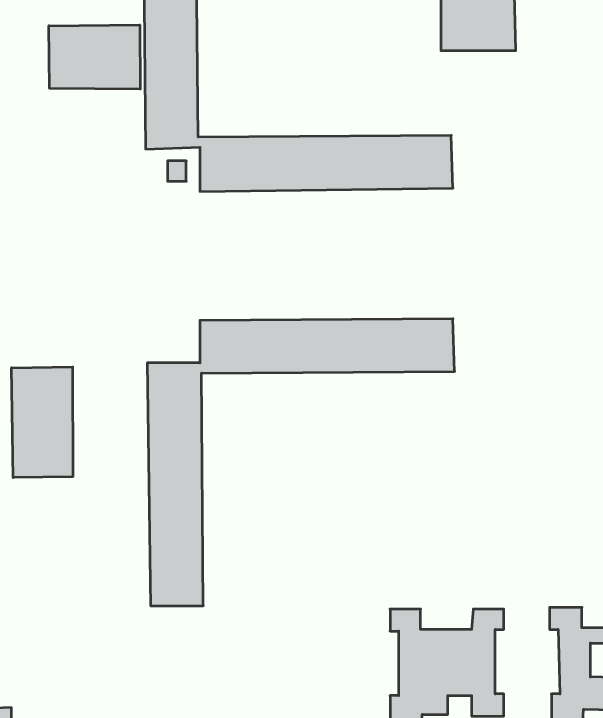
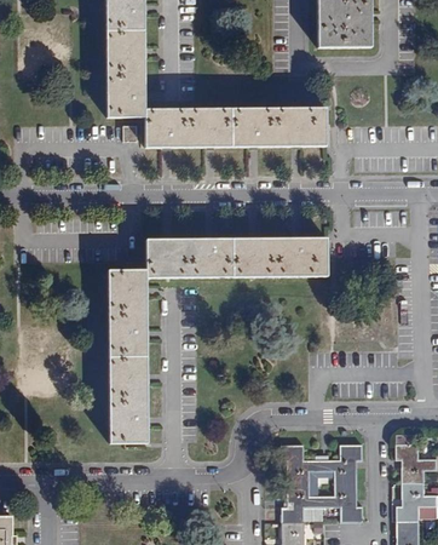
building: [49,25,140,89] -> none
building: [12,367,73,478] -> none

